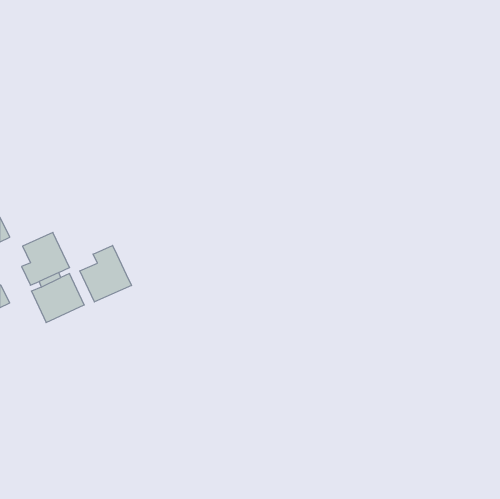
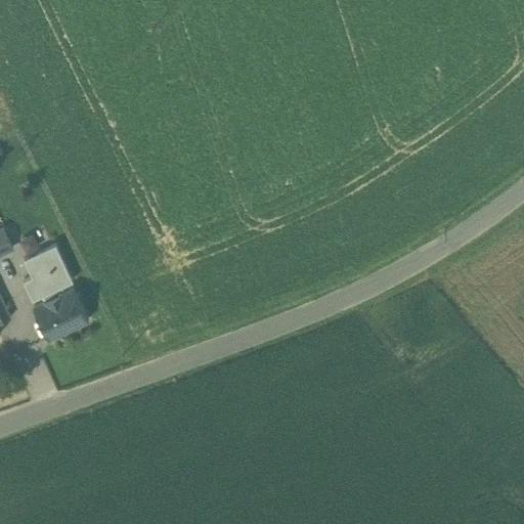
building: [80,245,131,302] -> none

